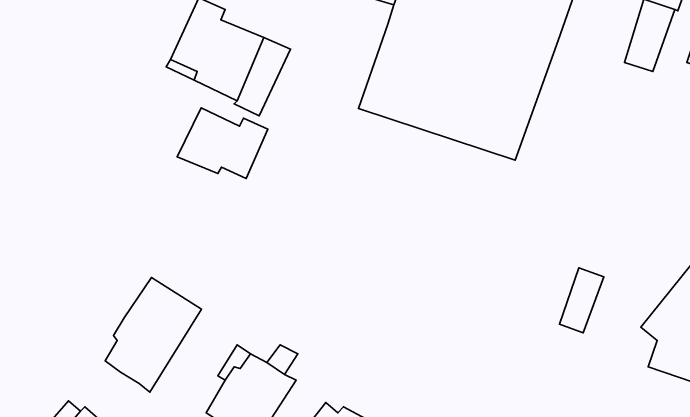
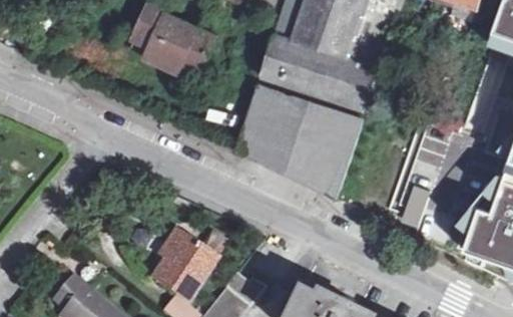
building: [177,108,268,178] -> none
building: none -> [237,85,360,194]
building: [105,277,202,392] -> none

